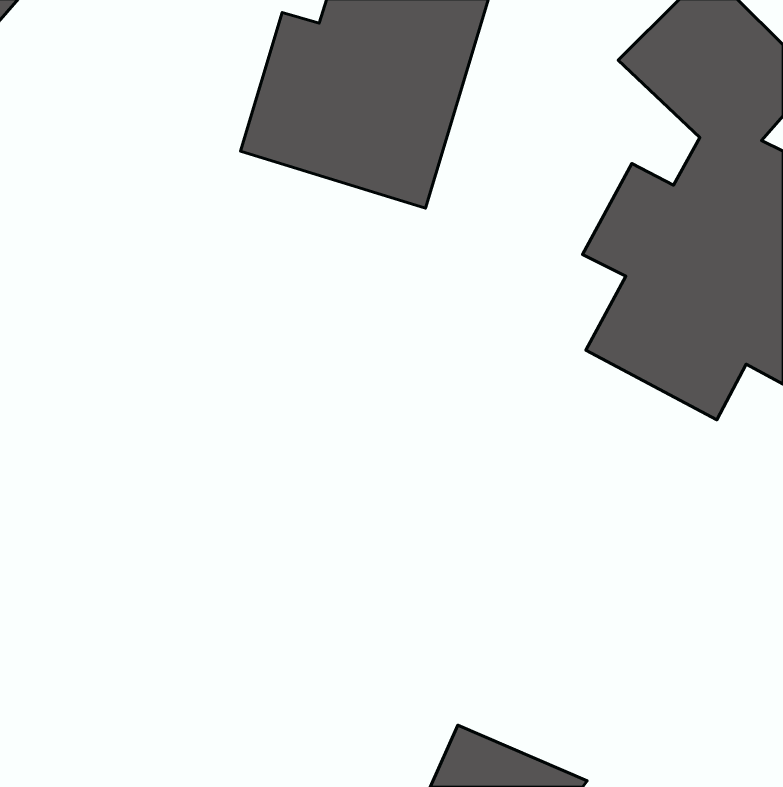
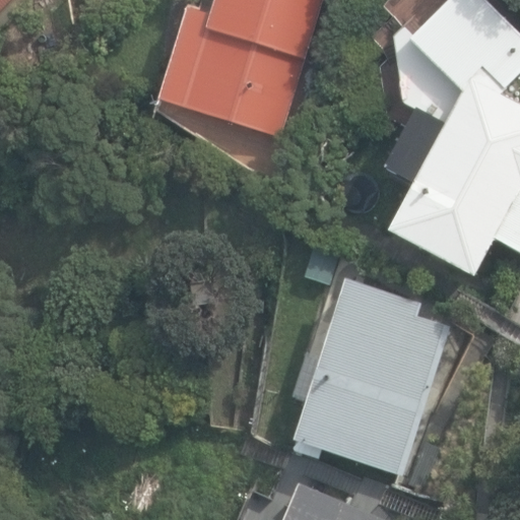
building: none -> [291,276,451,476]

